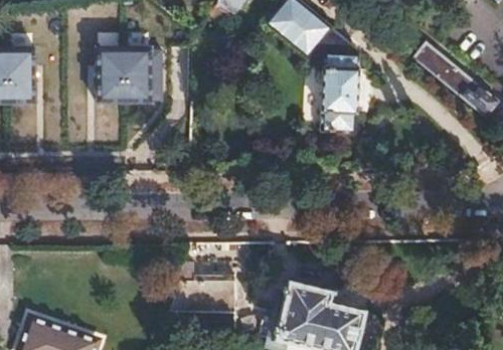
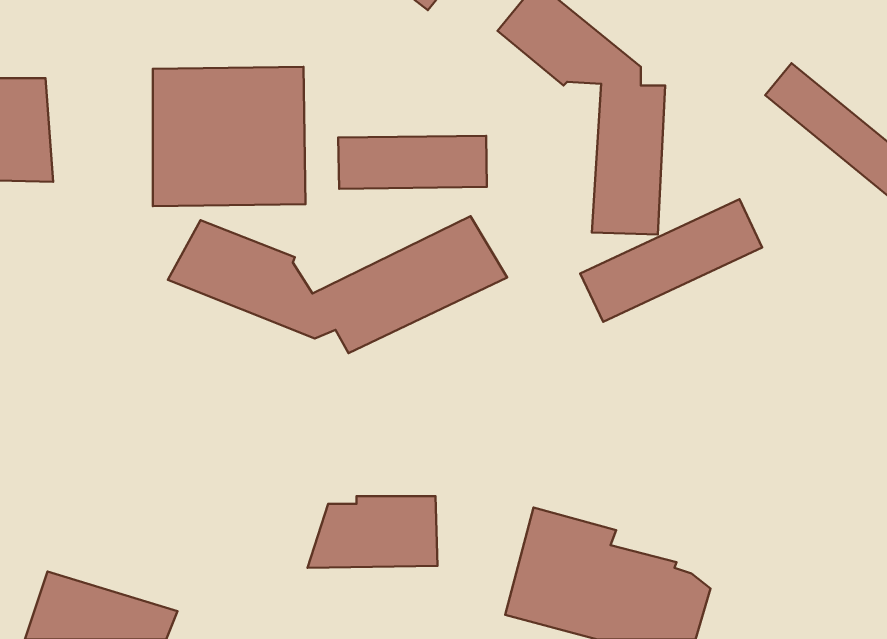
building: none -> [338,136,487,189]
building: none -> [580,199,762,322]
building: none -> [168,216,507,353]

